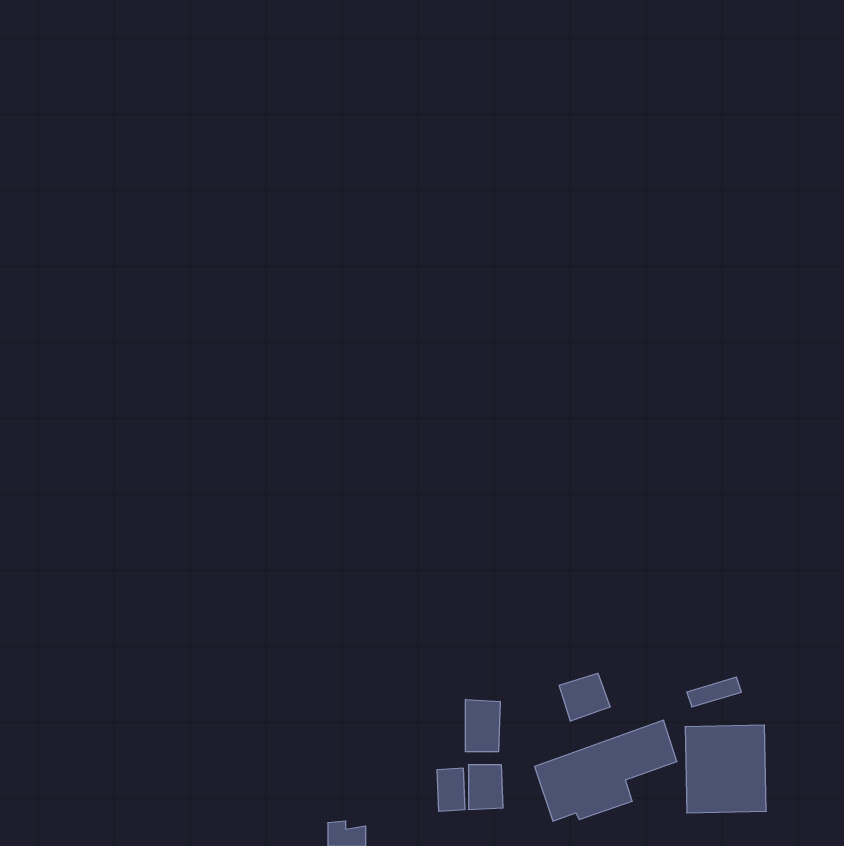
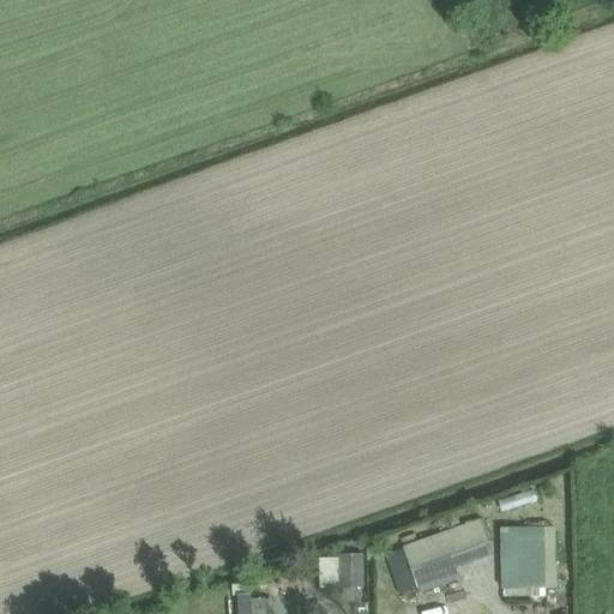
building: [559,673,610,721] -> none
building: [466,699,500,752] -> none

